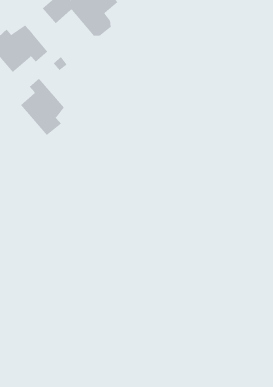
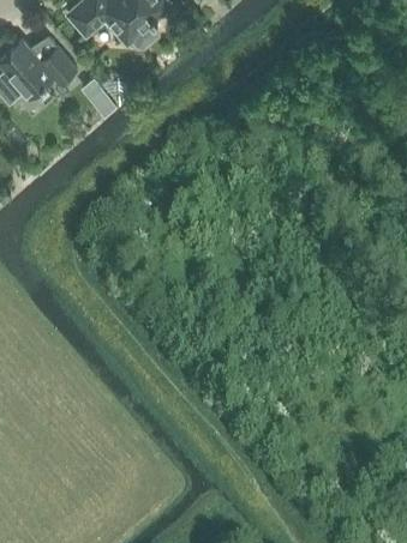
building: [20,78,65,136] -> none

